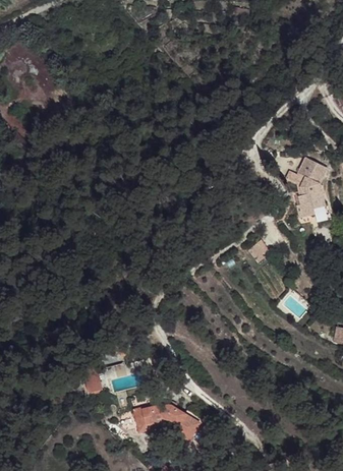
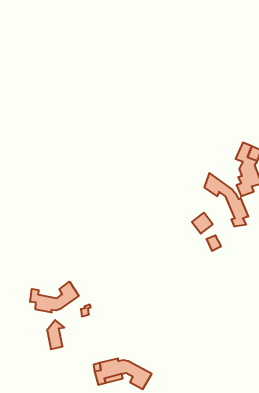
building: none -> [204,173,248,227]
building: none -> [30,282,79,313]

